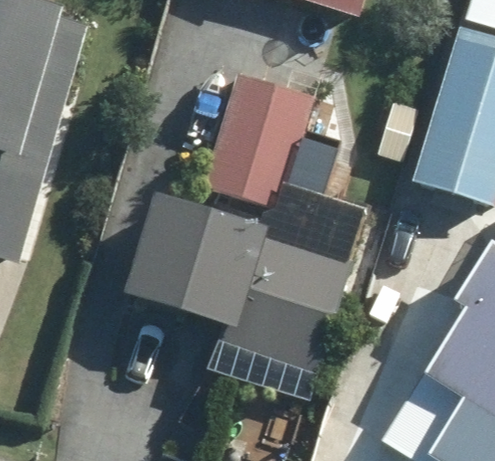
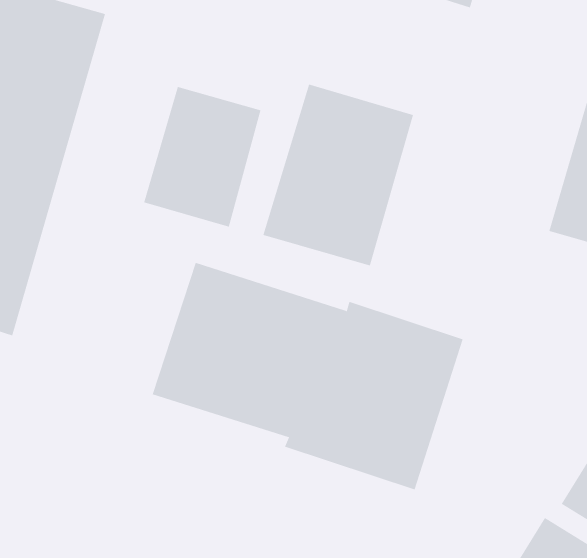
building: none -> [144,86,261,227]

